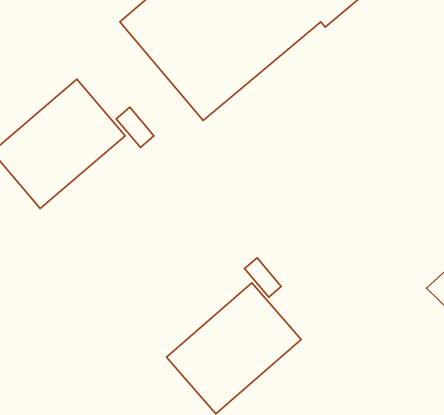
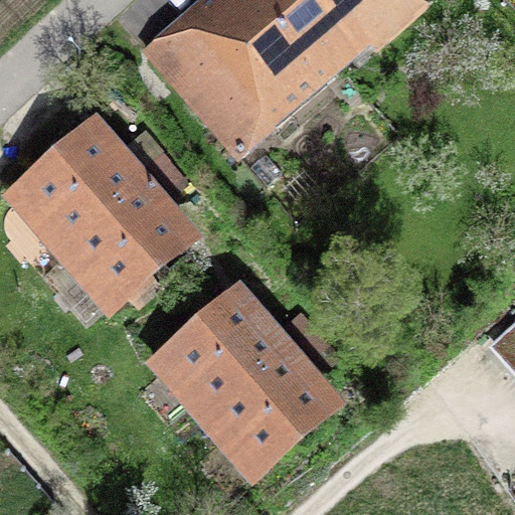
building: none -> [53,173,203,318]
building: none -> [143,278,291,421]

